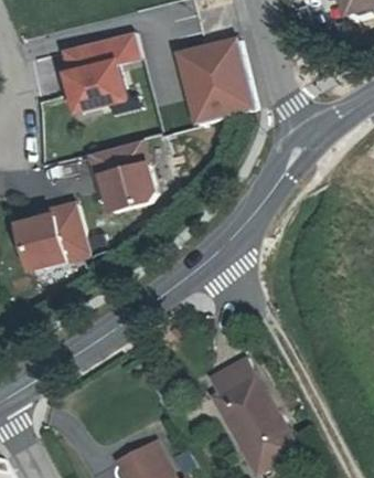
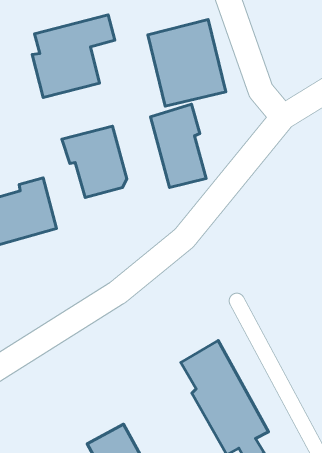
building: none -> [150,104,206,188]

